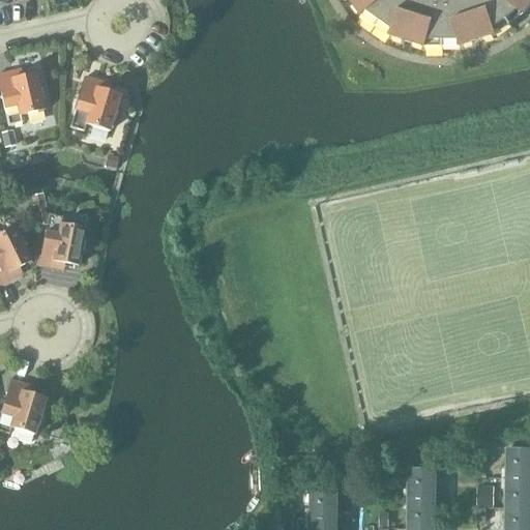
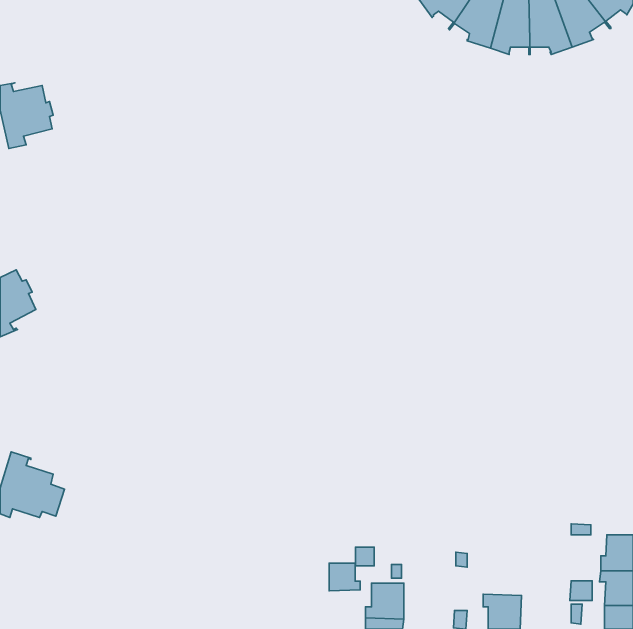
building: [68,75,119,129] -> none
building: [37,212,86,267] -> none
building: [404,468,436,498] -> none
building: none -> [329,563,360,591]

